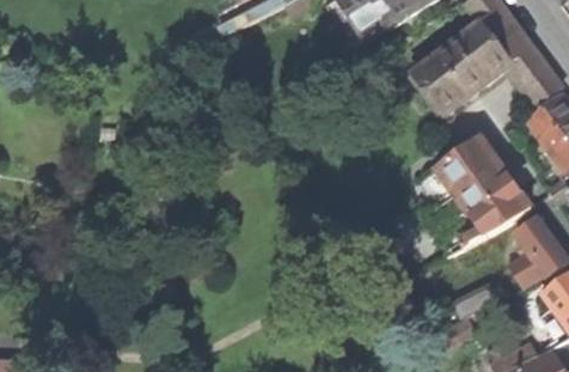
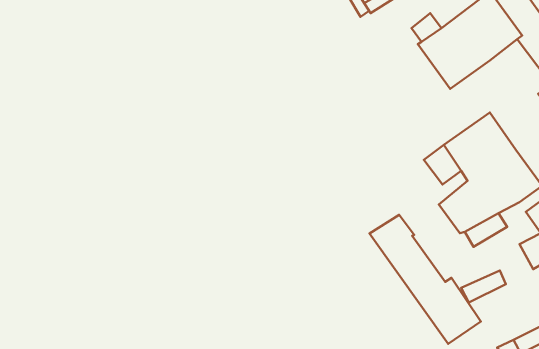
building: none -> [369,215,481,344]

